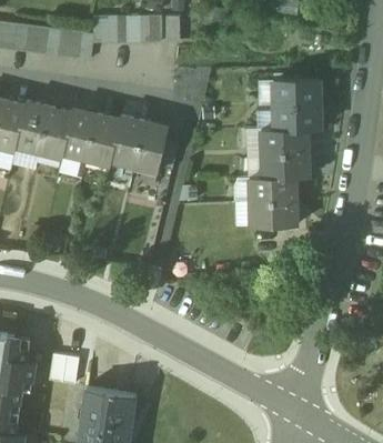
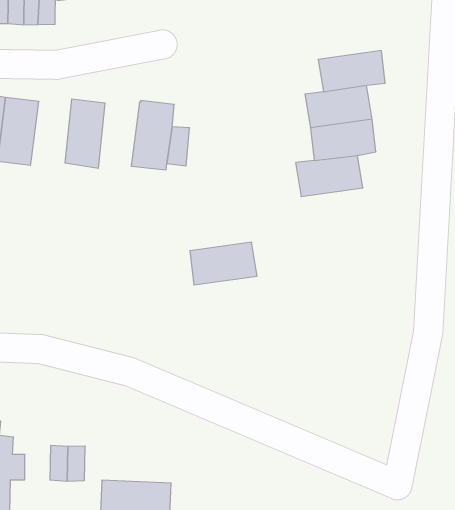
building: [274,79,320,105] -> none
building: [63,108,97,158] -> none
building: [111,114,144,165] -> none
building: [251,200,296,225] -> [190,242,257,285]

